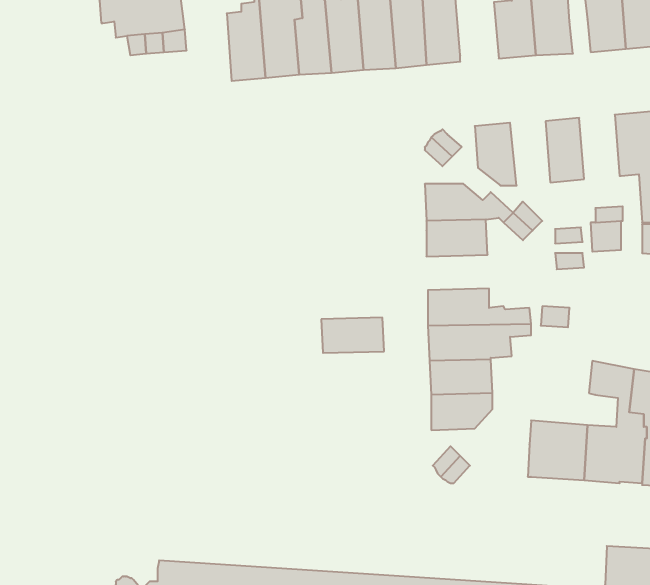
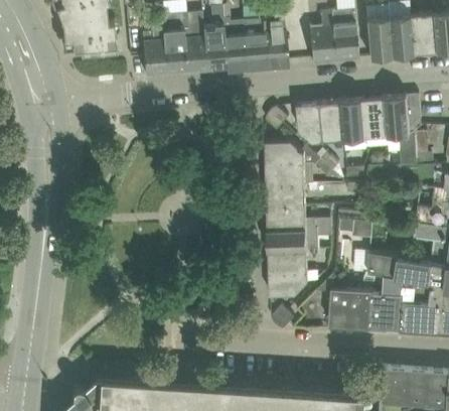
building: none -> [362,100,390,148]
building: none -> [319,104,344,144]
building: [321,318,384,353] -> [267,187,306,210]

